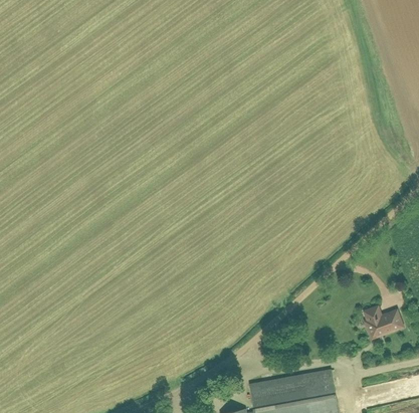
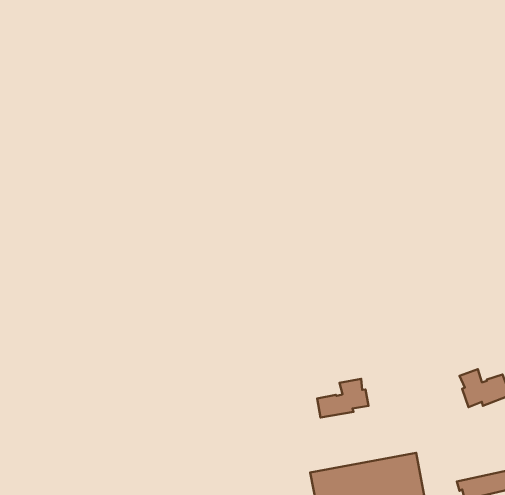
building: none -> [317,379,368,418]

